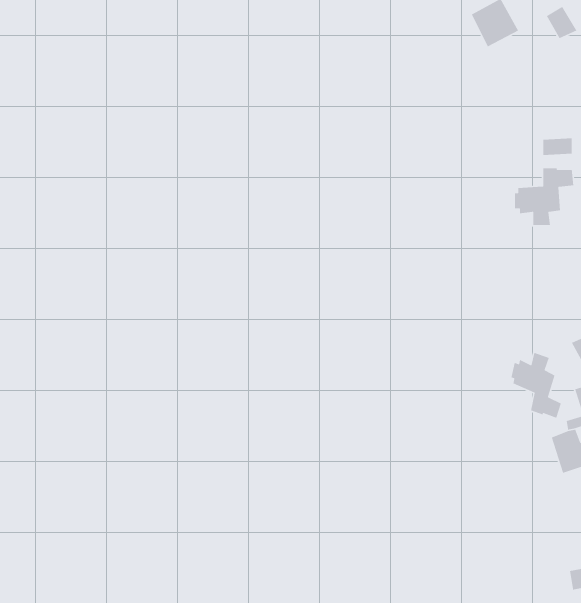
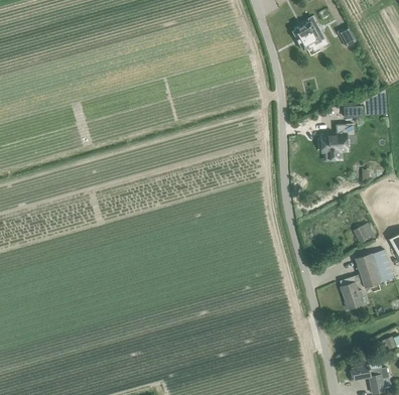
building: [511,352,562,419] -> none

